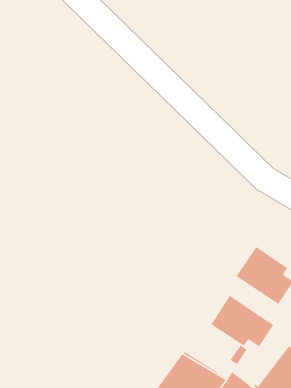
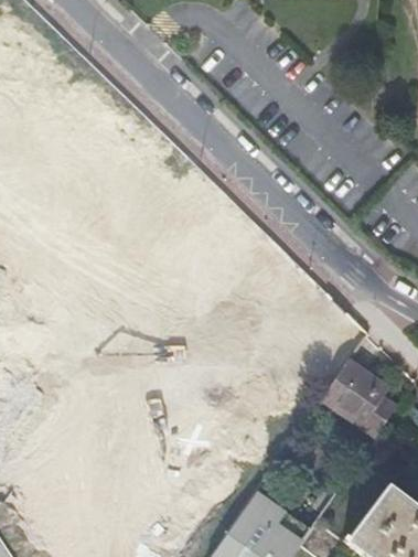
building: [210,295,274,347] -> none

